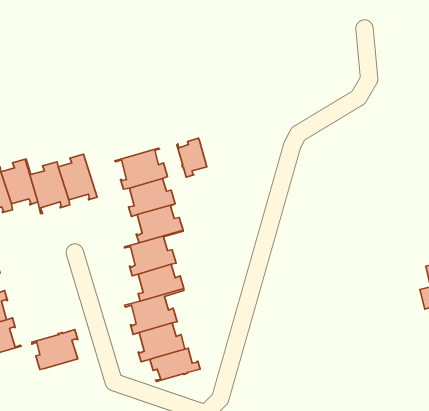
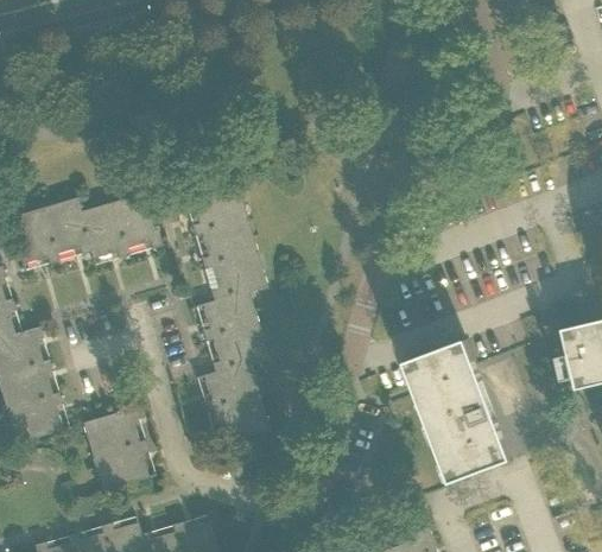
building: [177,138,207,177] -> none
building: none -> [401,341,508,484]
building: [150,348,200,382] -> none
building: none -> [93,442,151,493]

